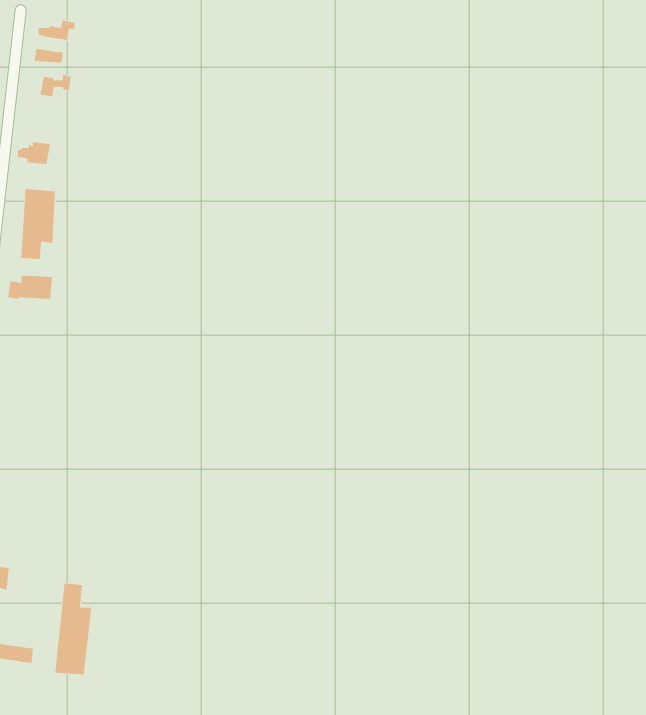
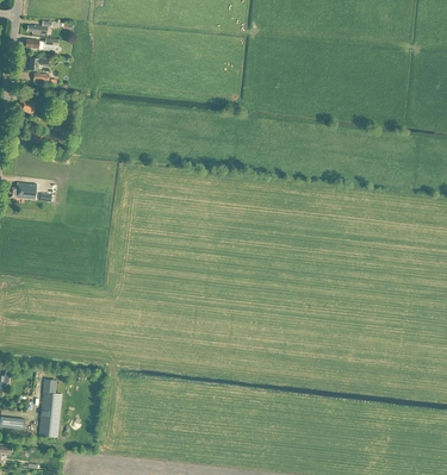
building: [21,188,56,260] -> none

